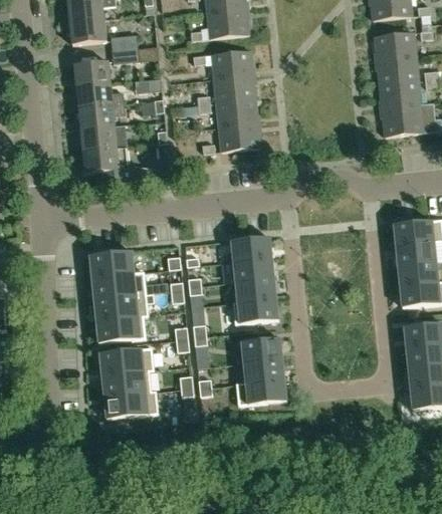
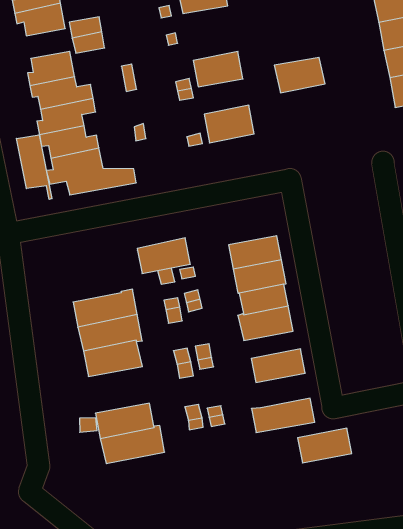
building: [212,49,253,78] -> none
building: [216,98,258,125] -> [274,57,325,93]
building: none -> [16,135,52,199]
building: [88,249,133,276] -> [137,238,190,274]
building: [98,346,153,373] -> none
building: [241,356,286,382] -> [298,428,352,463]

